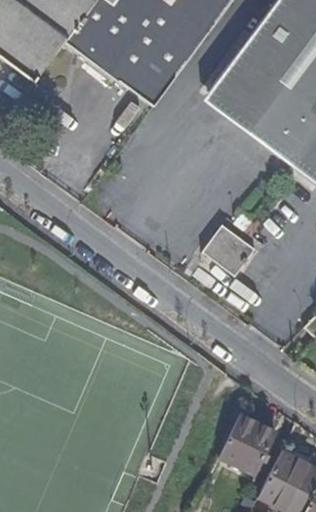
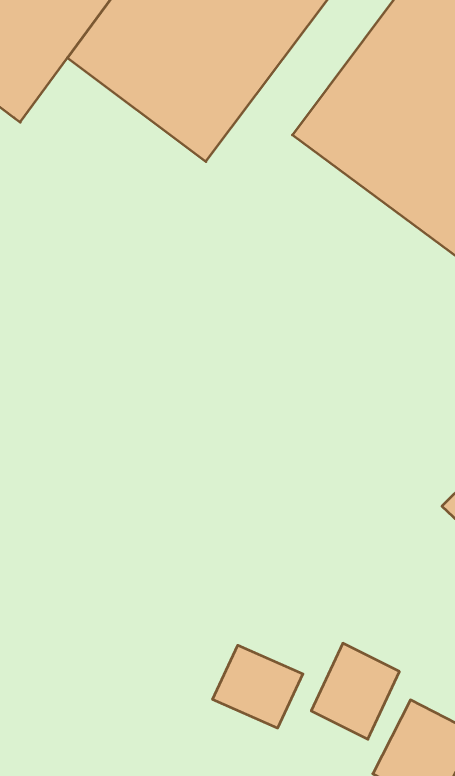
building: [201,220,256,273] -> none
building: none -> [213,645,303,728]

